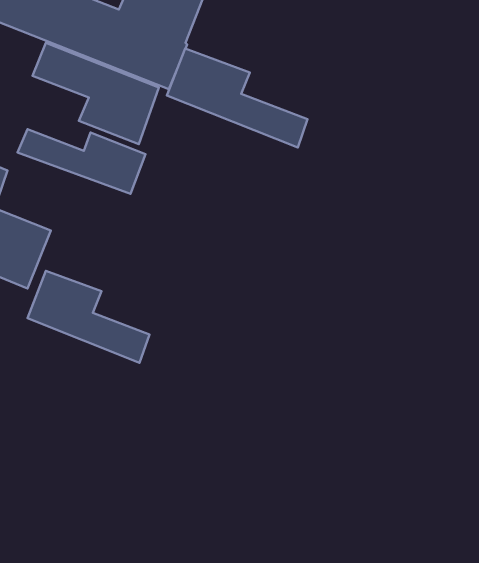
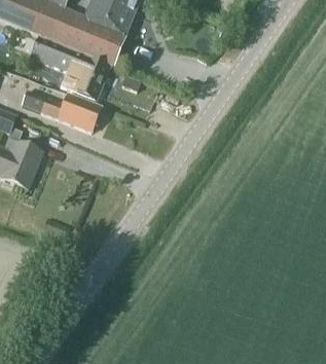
building: [167,49,307,148] -> none
building: [27,271,150,363] -> none

